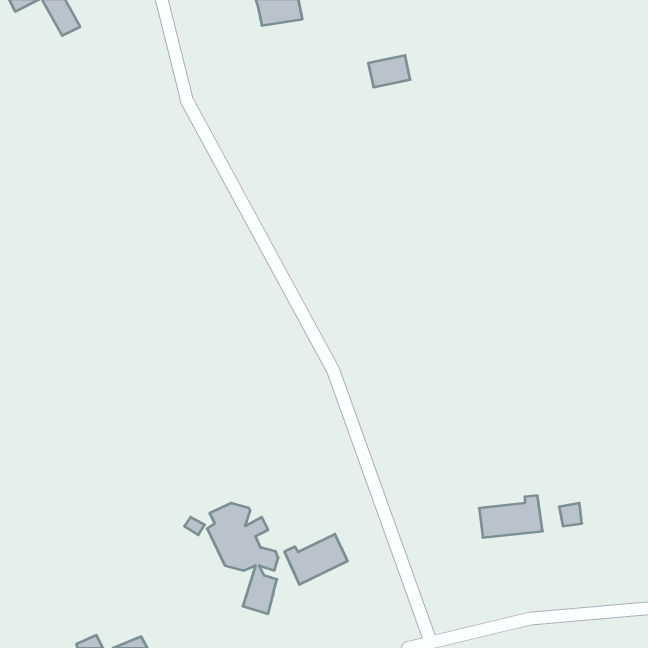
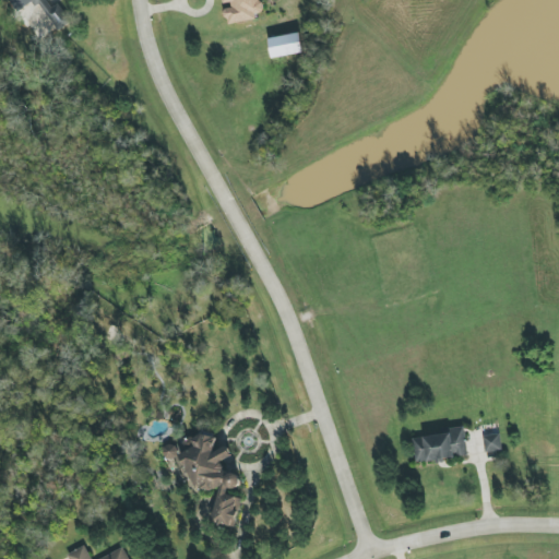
building: [368,55,410,87] -> [266,31,302,58]
building: [285,534,347,585] -> none

